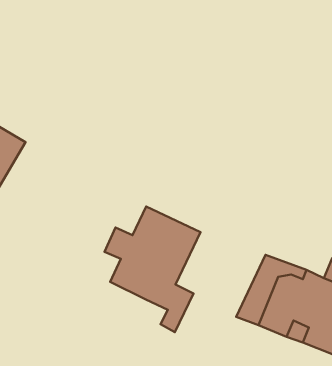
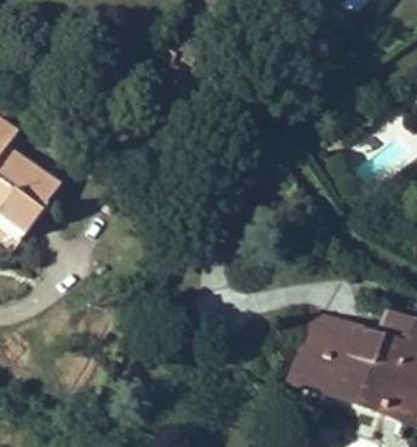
building: [105,206,201,332] -> none

